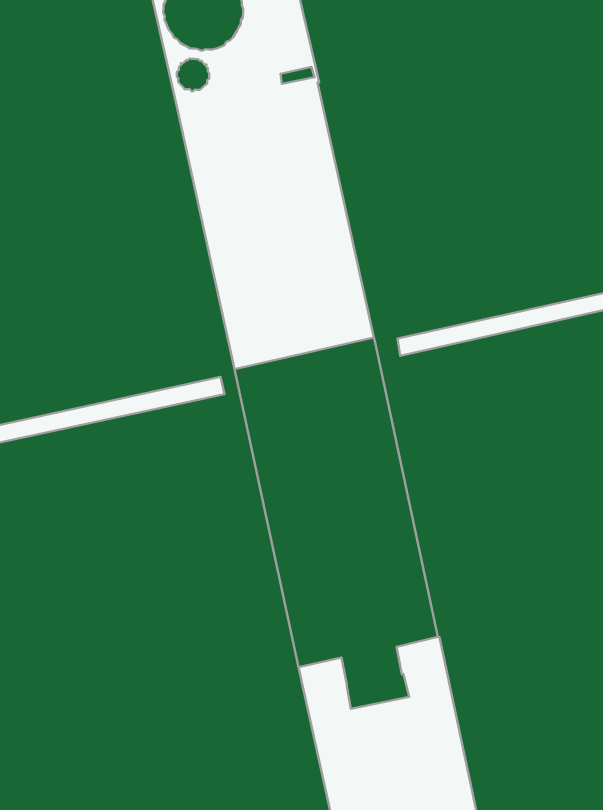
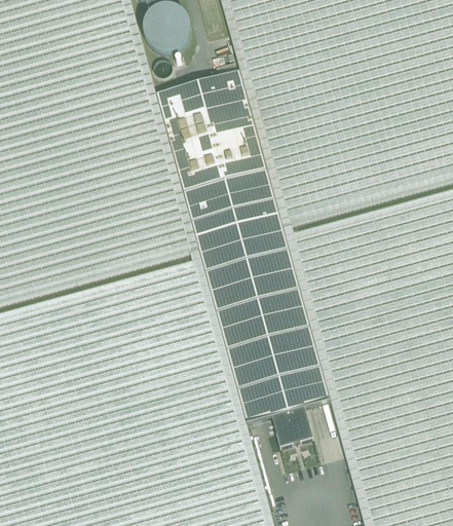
building: none -> [156,74,281,250]

